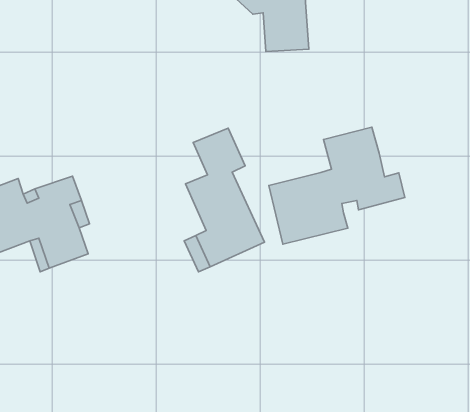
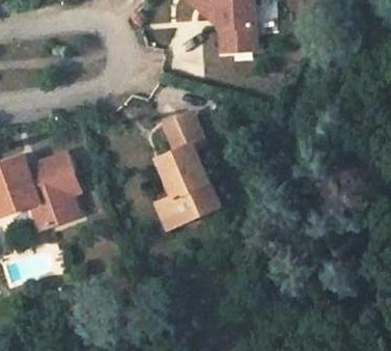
building: [269,127,405,244] -> none

